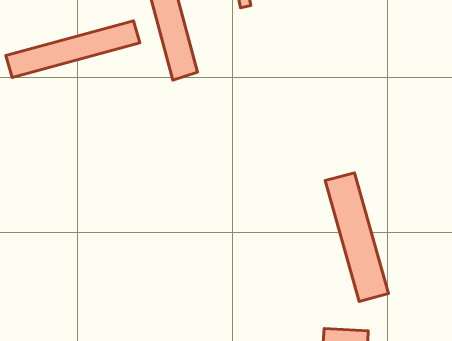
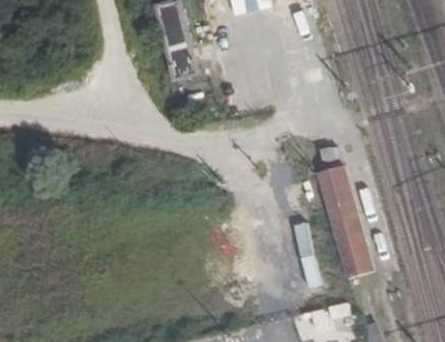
building: [6,21,140,77] -> none

